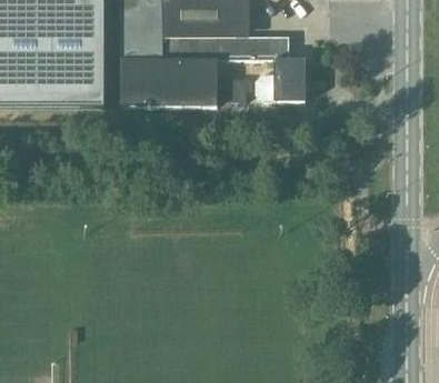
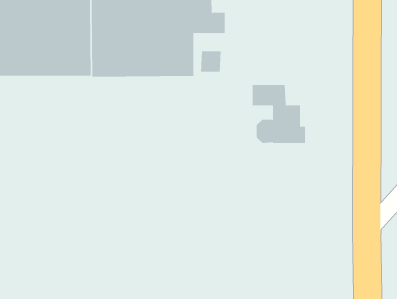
building: [250,36,309,100] -> [252,85,306,144]

